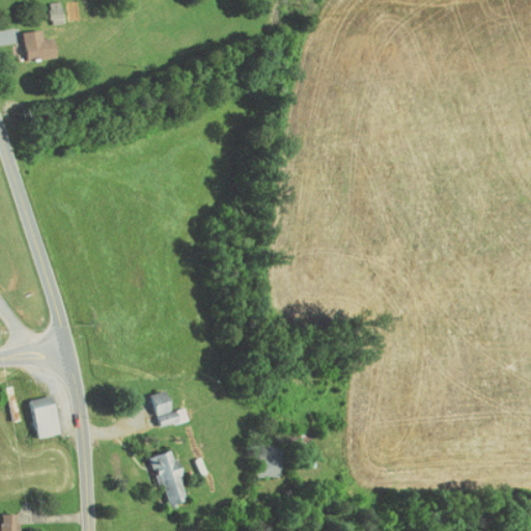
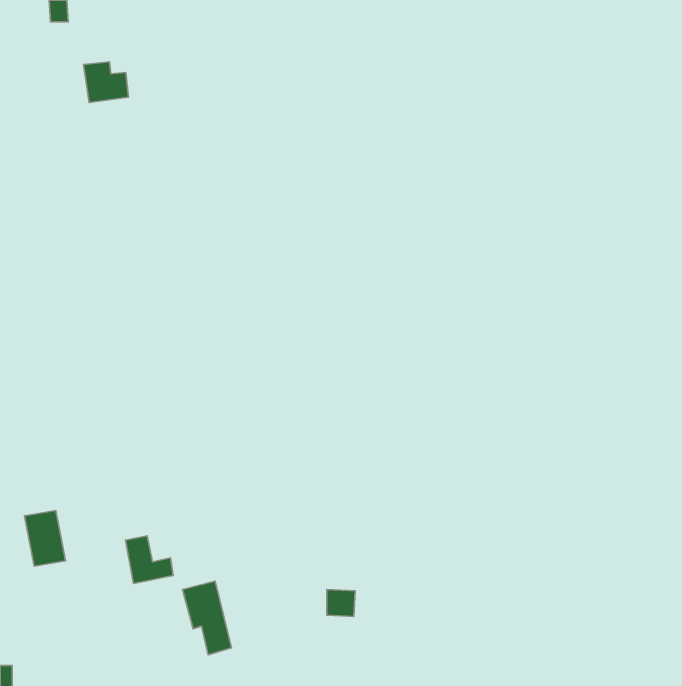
building: [22,30,56,61] -> [84,62,129,103]
building: [151,391,188,427] -> [125,536,173,584]

